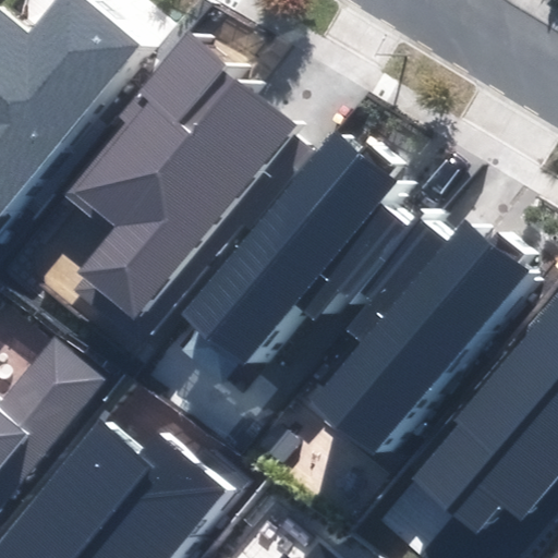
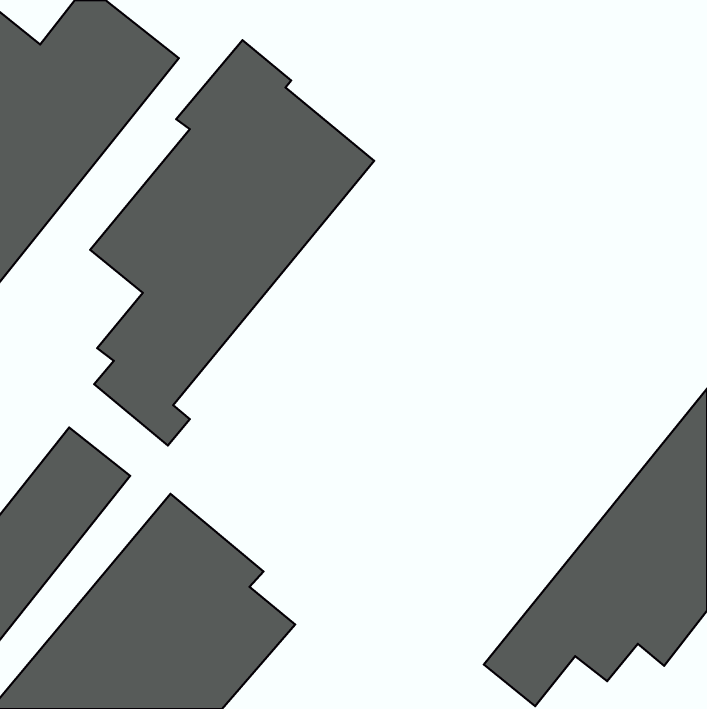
building: [182,131,403,363] -> none
building: [310,221,526,460] -> none

